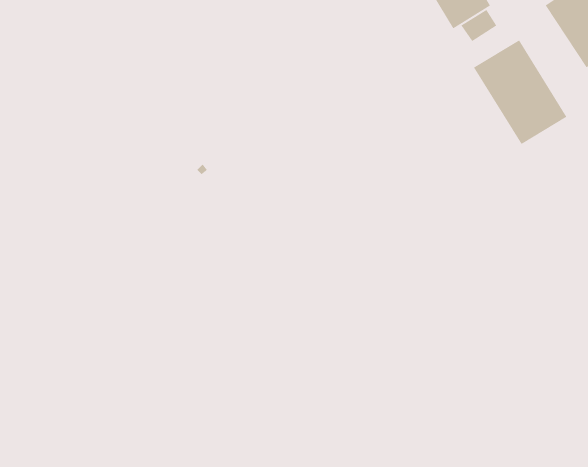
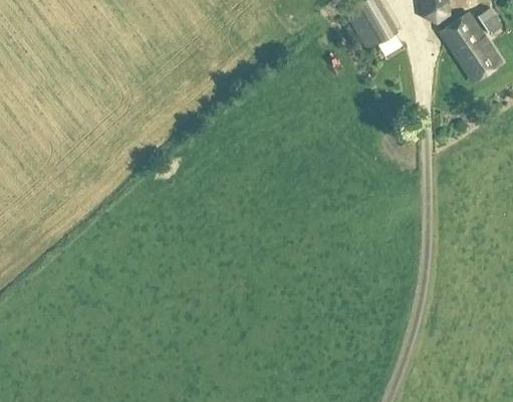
building: [473,40,567,145] -> none

